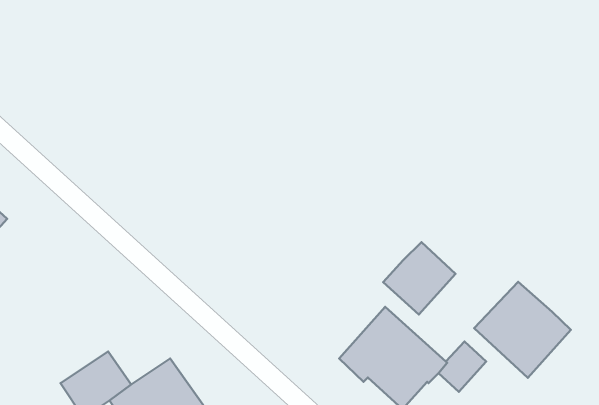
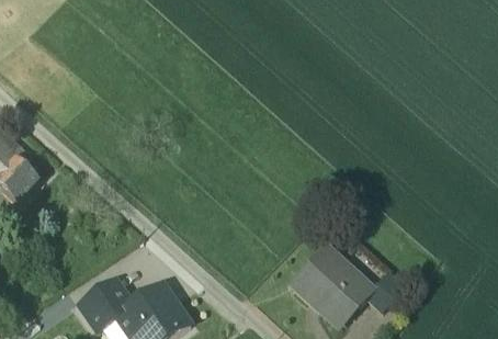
building: [383,242,456,315] -> none
building: [474,282,571,378] -> none

